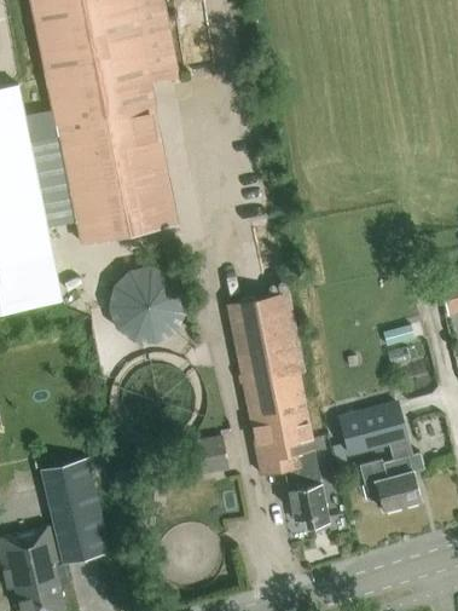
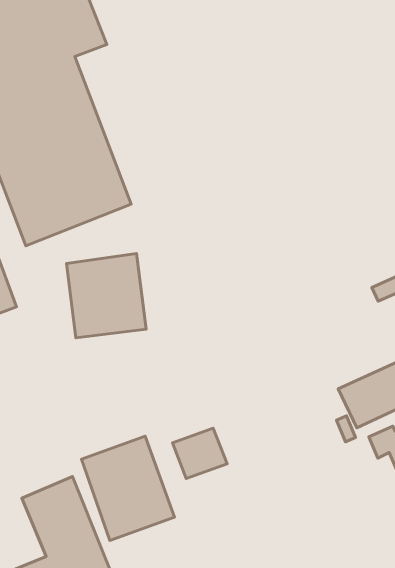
building: [227,293,329,528] -> none
building: none -> [82,436,174,540]

